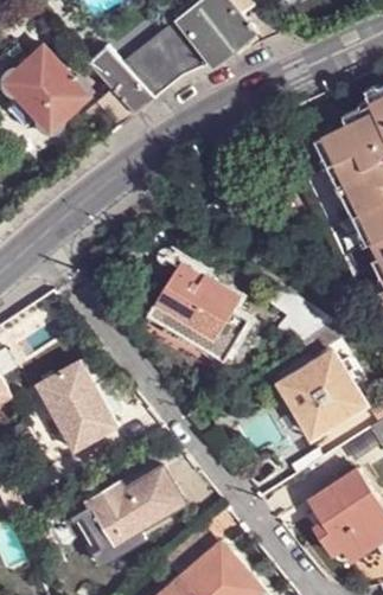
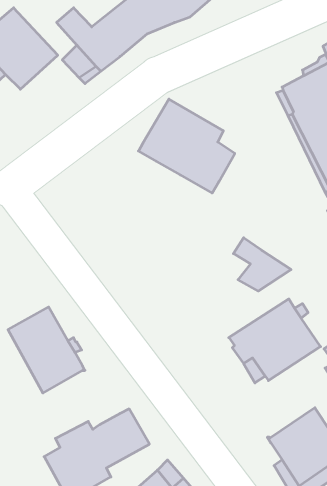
building: [147,264,248,363] -> [138,99,235,193]

